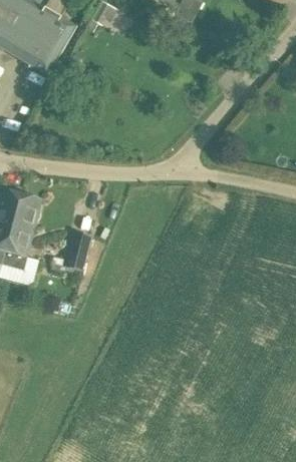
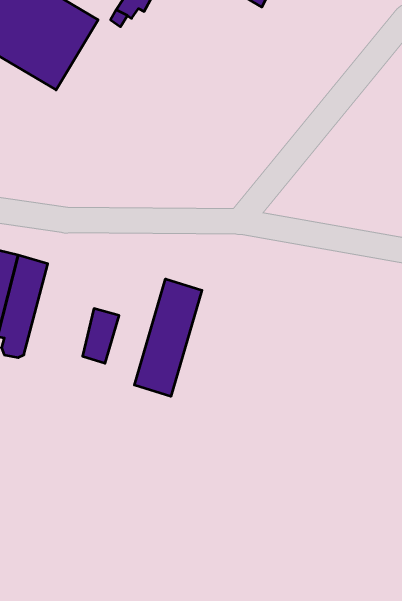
building: none -> [134,279,202,396]

